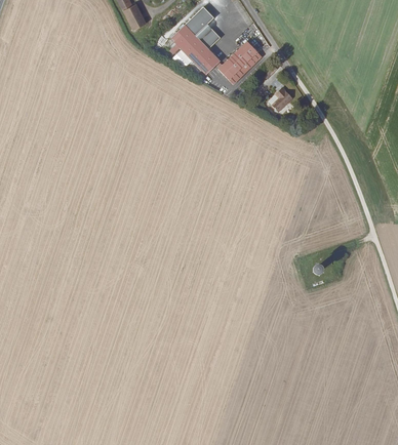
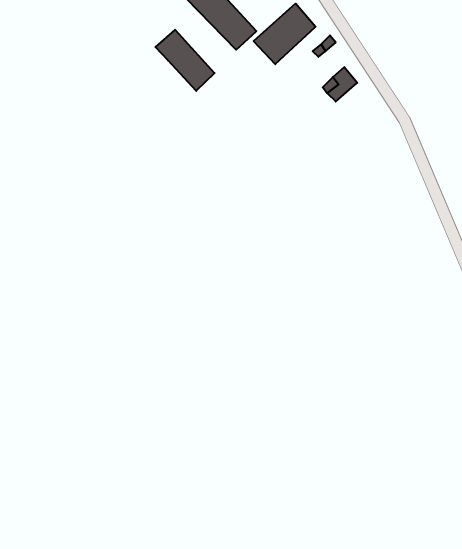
building: none -> [155,30,215,91]

